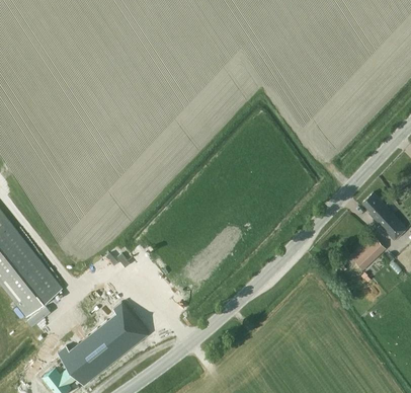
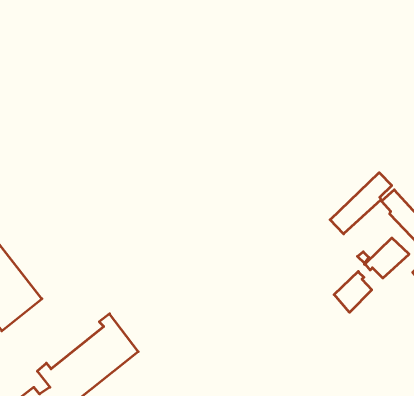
building: none -> [330,173,392,234]
building: none -> [334,271,372,312]

